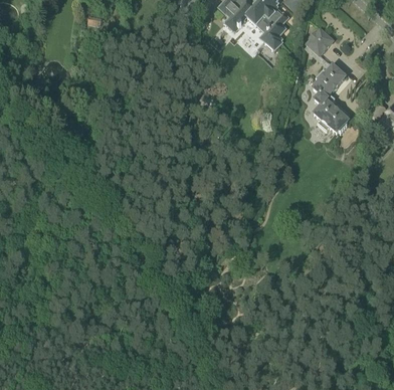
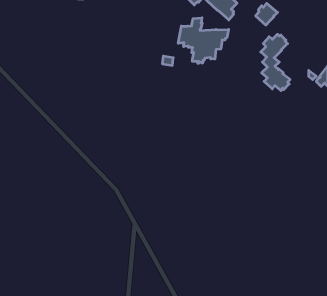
building: none -> [178,18,229,63]

